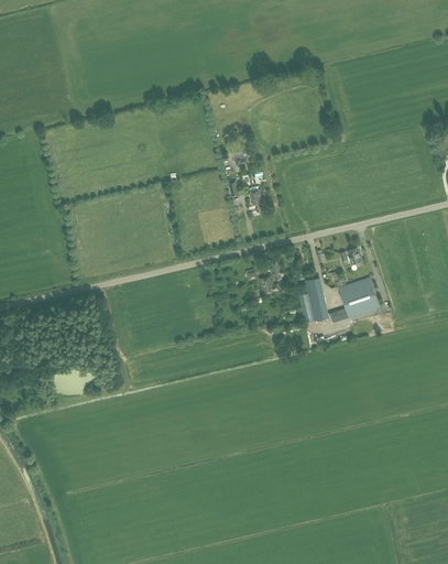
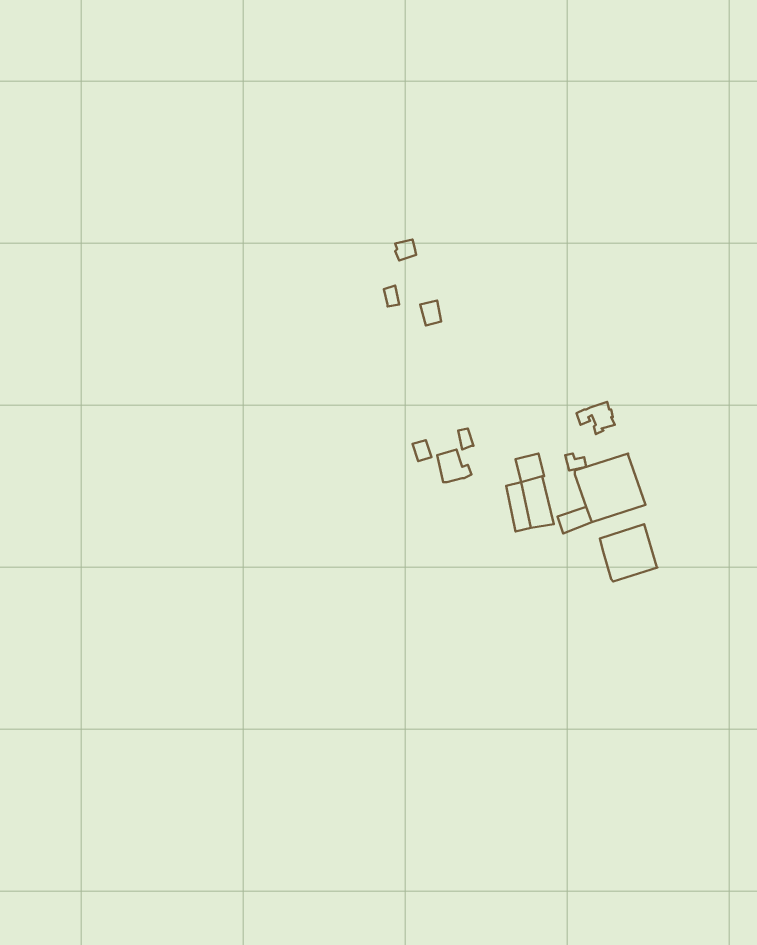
building: none -> [600,524,658,582]

